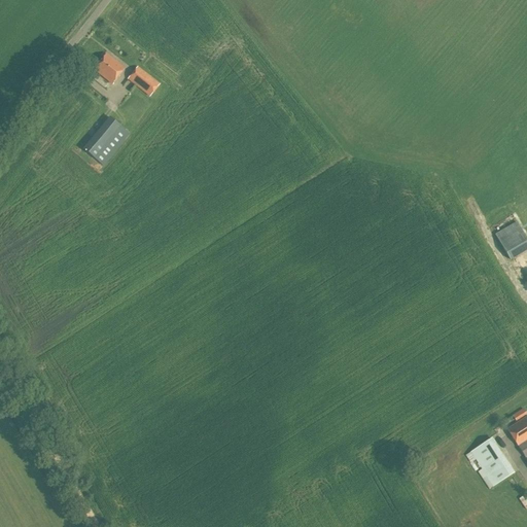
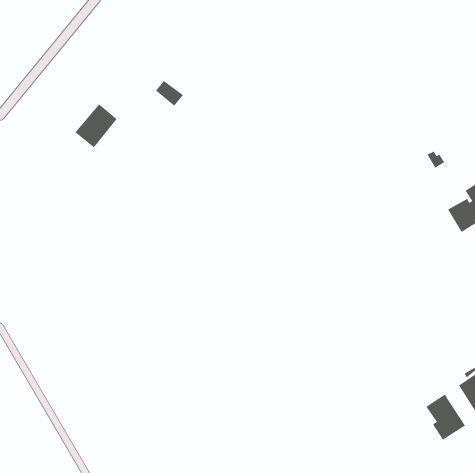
building: [95,51,126,81] -> none
building: [129,65,161,94] -> [155,80,184,106]

